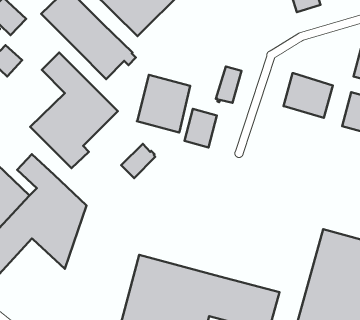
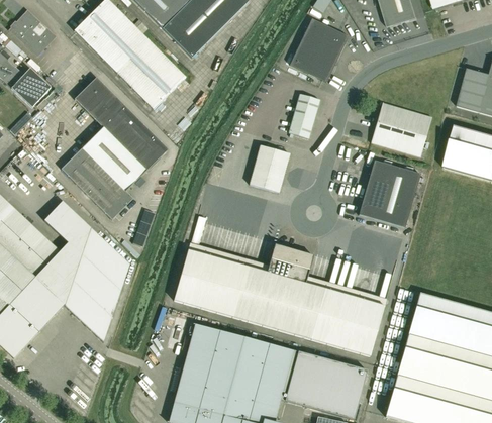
building: none -> [290,18,346,82]
building: [137,75,190,133] -> none
building: none -> [359,161,420,228]
building: [121,144,155,178] -> none
building: none -> [173,244,384,355]

